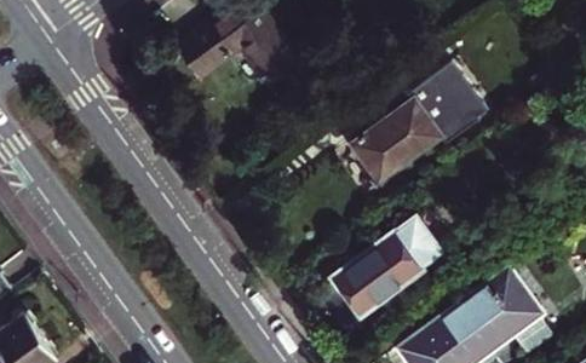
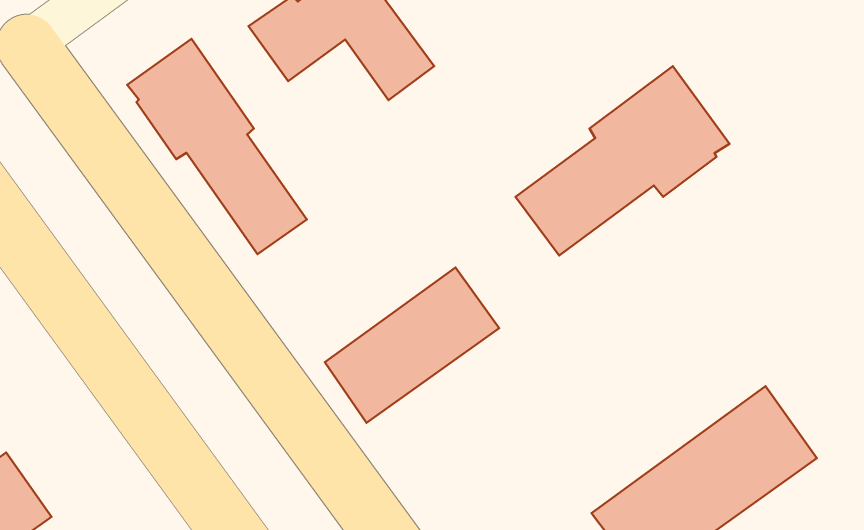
building: none -> [127,39,307,254]
building: [333,218,444,317] -> [325,267,499,423]

